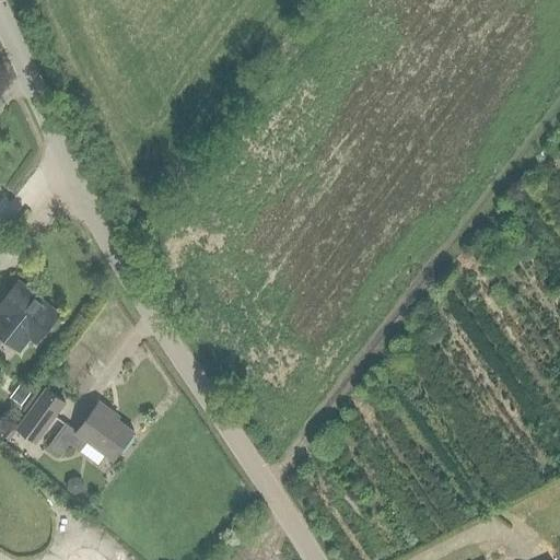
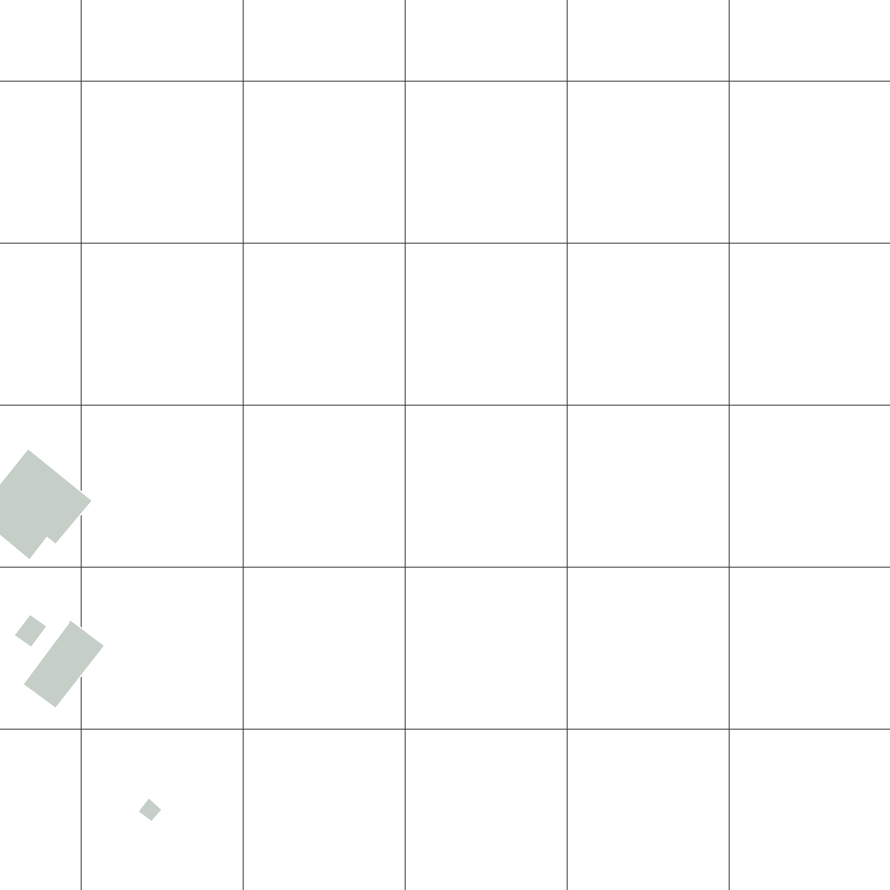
building: [48,402,135,459] -> none

